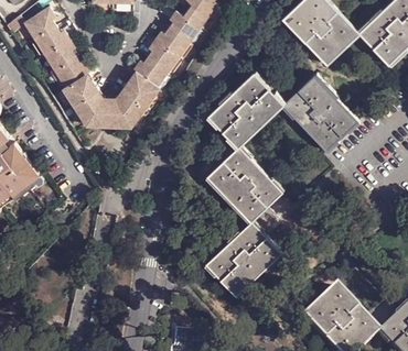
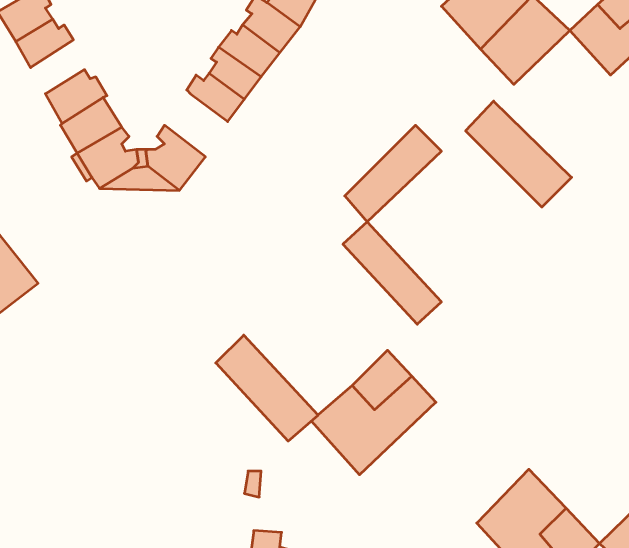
building: [41,37,73,69] -> none
building: [120,69,159,107] -> none
building: [211,73,269,130] -> none
building: [284,91,344,150] -> none
building: [210,158,270,221] -> [216,335,318,441]

